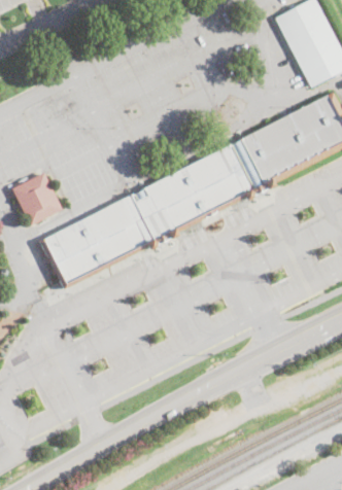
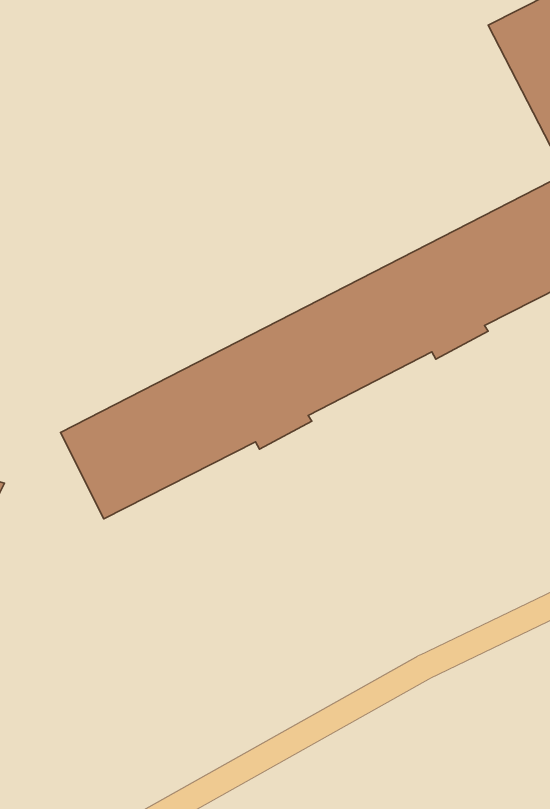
building: [11,172,61,224] -> none

